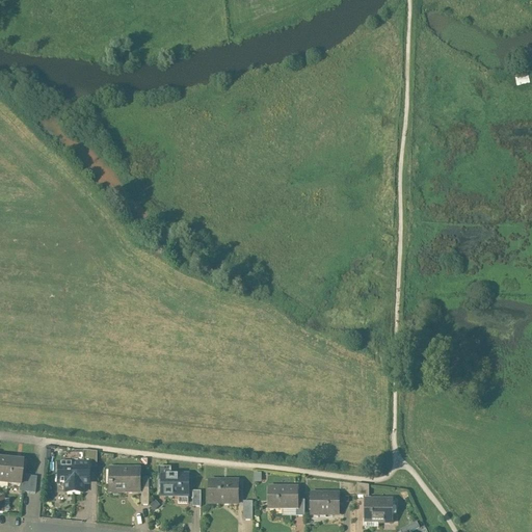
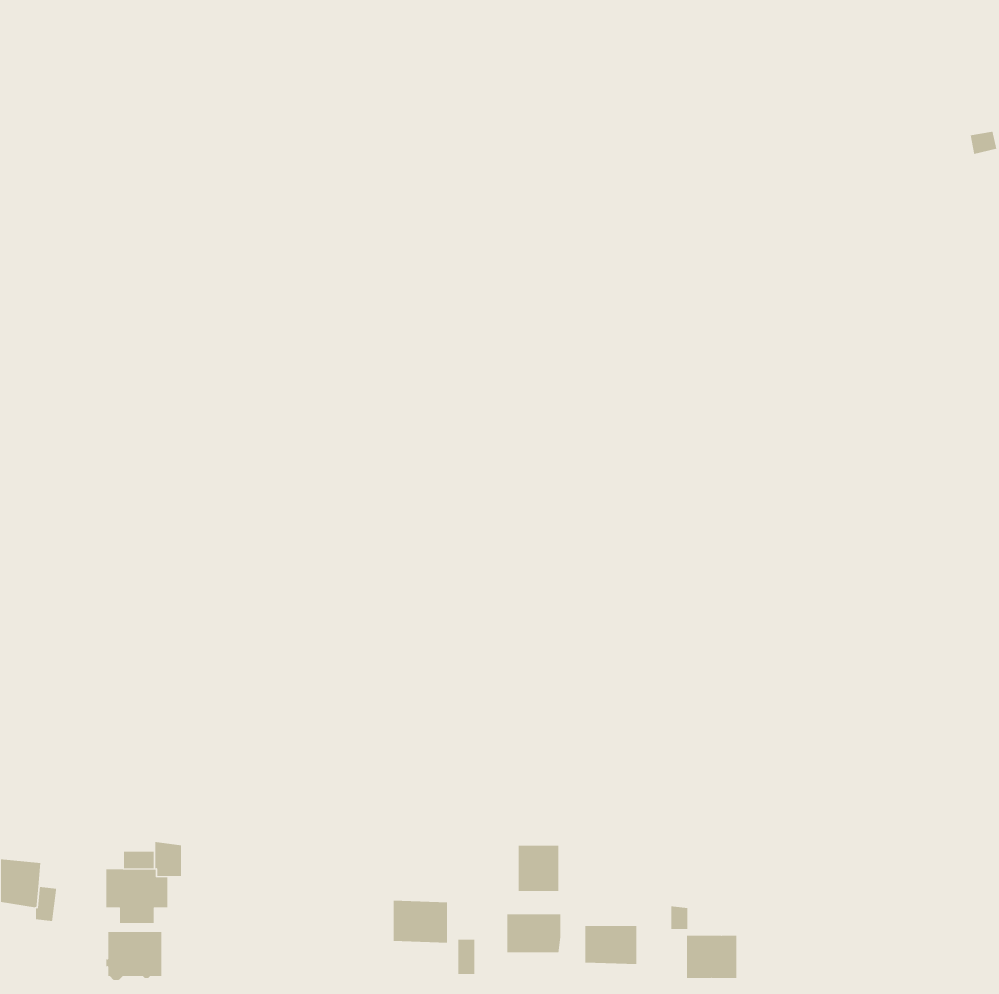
building: none -> [518,845,559,892]
building: [109,466,139,491] -> [105,932,162,980]
building: [161,472,188,493] -> none

